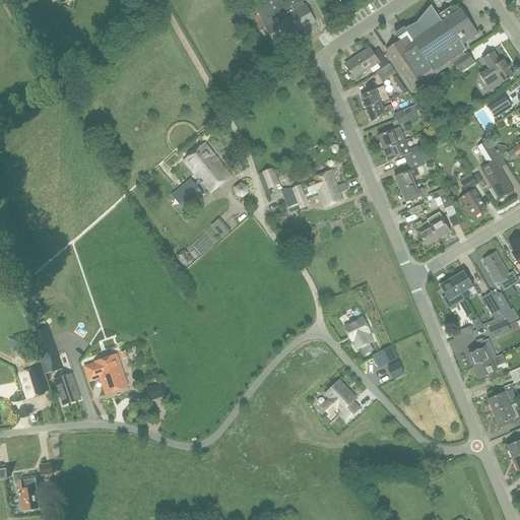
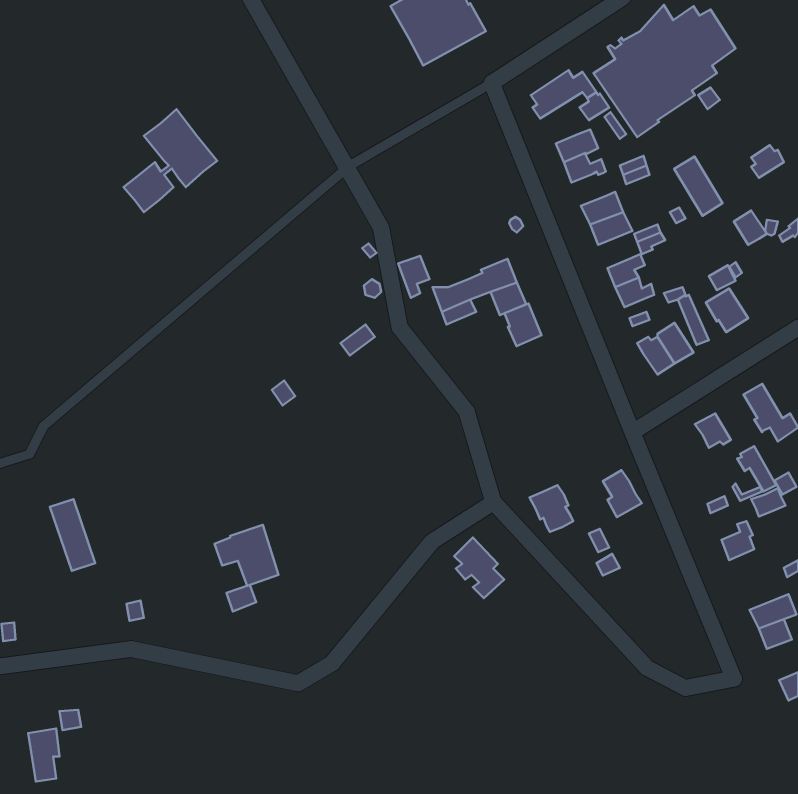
building: [479,50,514,86] -> none
building: [171,141,232,208] -> [123,109,217,212]
building: [481,158,513,197] -> [674,156,723,216]
building: none -> [504,303,542,346]
building: [440,276,465,307] -> [603,470,642,517]
building: [85,352,127,392] -> [214,525,279,586]
building: [474,353,504,378] -> none
building: [19,368,44,397] -> none
building: [55,377,80,407] -> none
building: [327,379,360,418] -> [454,537,504,598]

